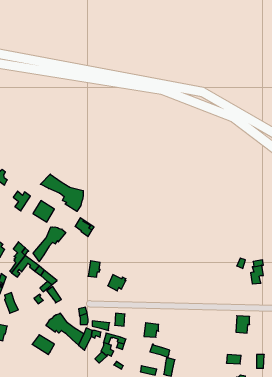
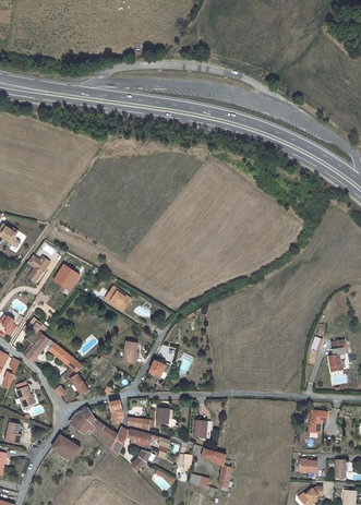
building: [40,174,83,211] -> none
building: [33,227,66,261] -> none

